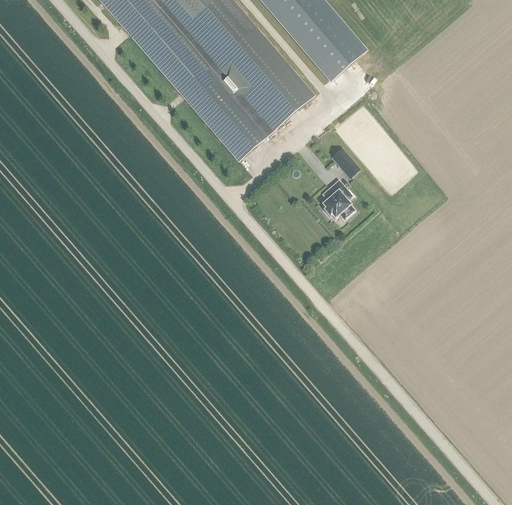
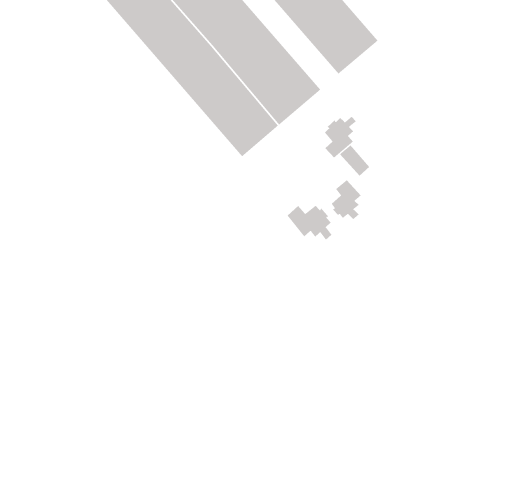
building: none -> [324,116,357,158]
building: none -> [287,205,332,240]

